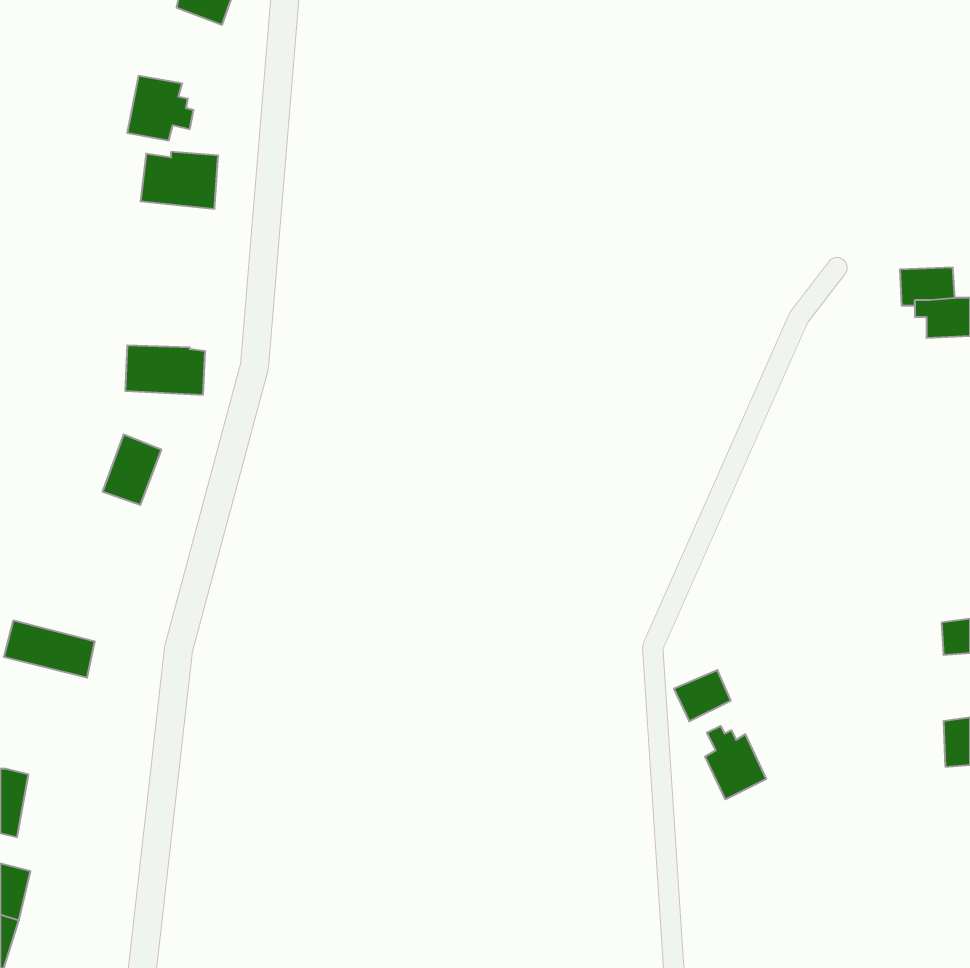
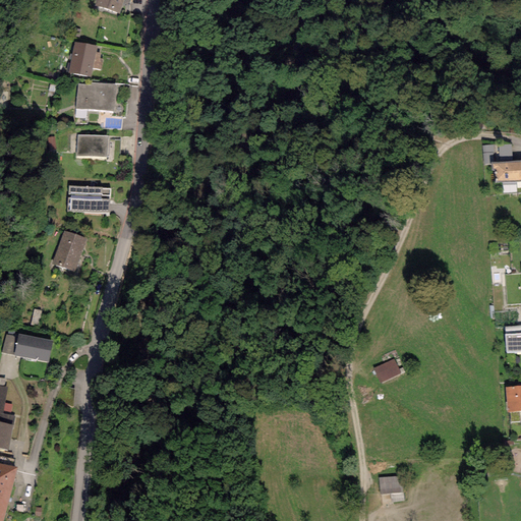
building: none -> [77,134,108,156]
building: [705,726,766,799] -> none
building: none -> [380,476,405,502]

